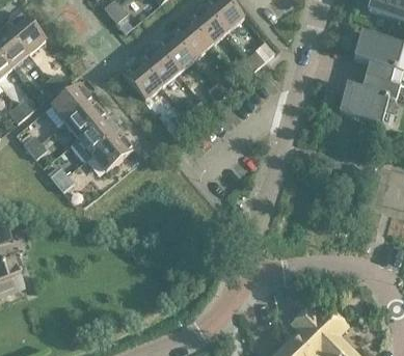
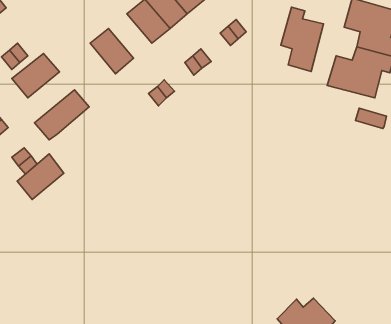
building: none -> [281,7,323,71]
building: [139,45,179,85] -> none
building: [65,98,108,138] -> none
building: [92,130,135,171] -> [17,154,64,199]

